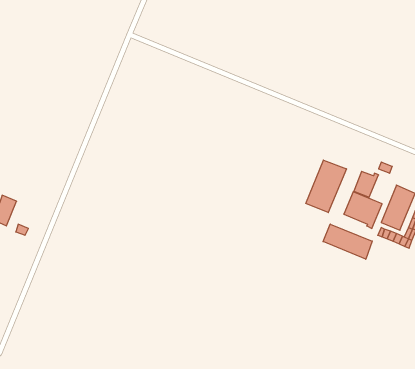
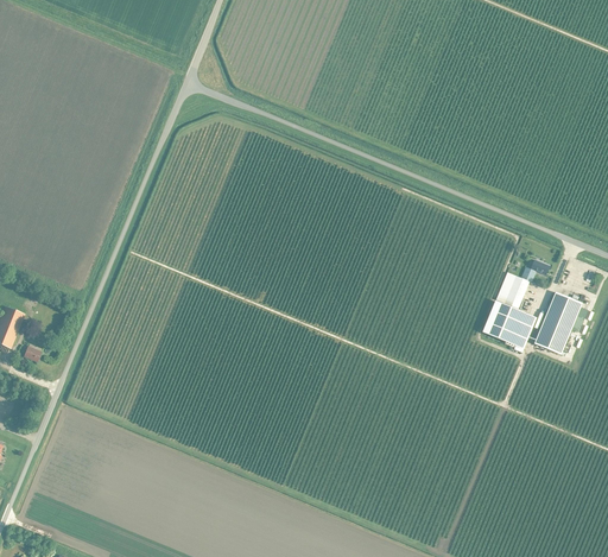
building: [306,160,346,213] -> none
building: [323,224,372,259] -> none

